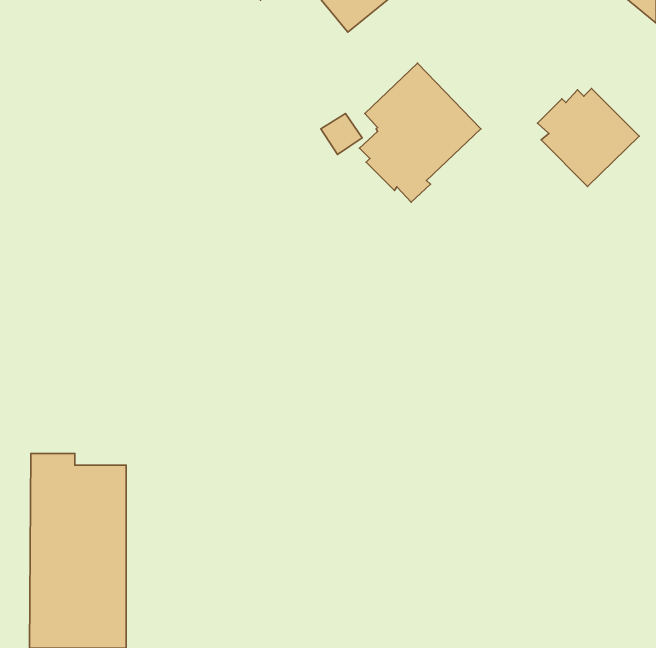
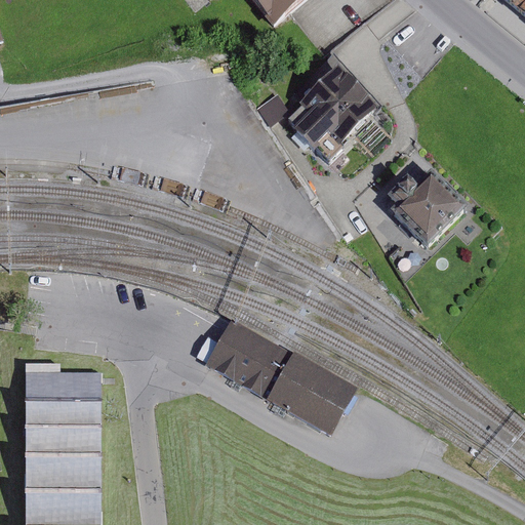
building: [537,88,639,186] -> [387,170,468,248]
building: none -> [204,318,357,436]

